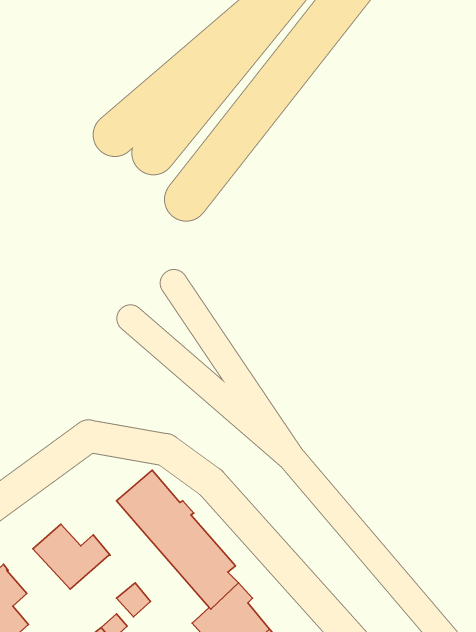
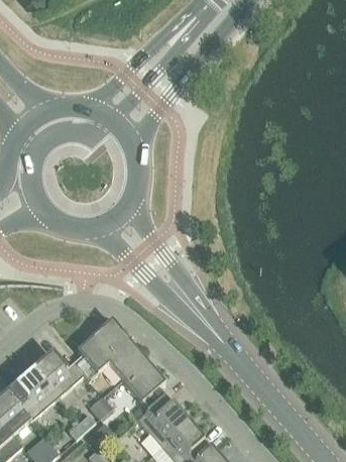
building: none -> [73,338,109,379]
building: none -> [16,369,57,419]

